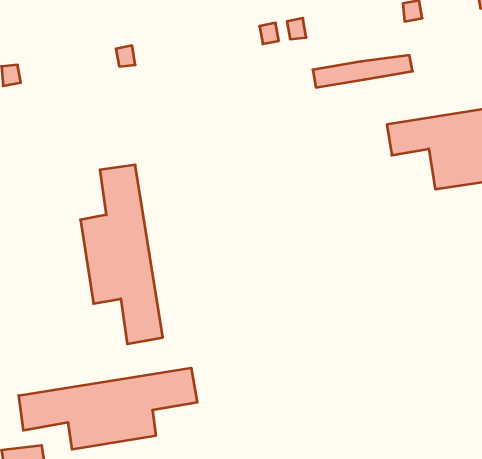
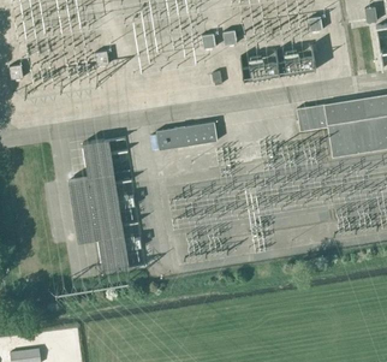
building: none -> [156,121,218,149]
building: [19,368,197,449] -> none

